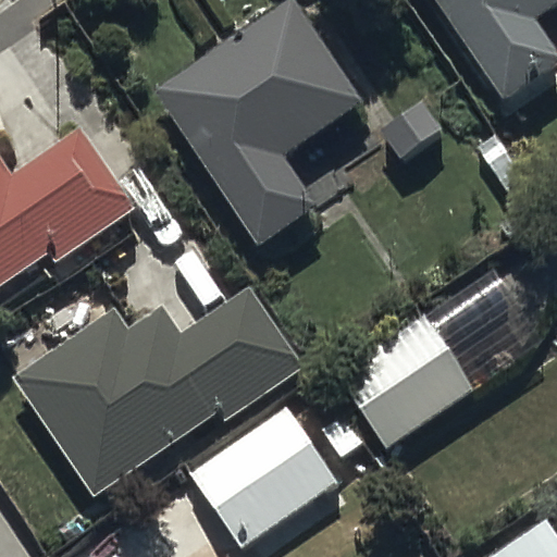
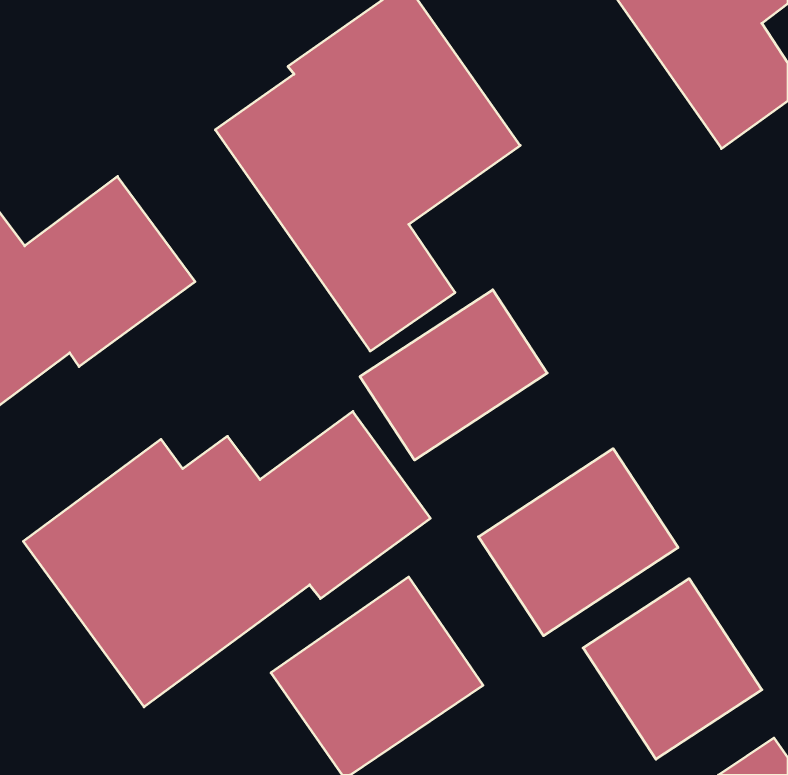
building: none -> [360,290,547,460]
building: none -> [583,579,762,759]

